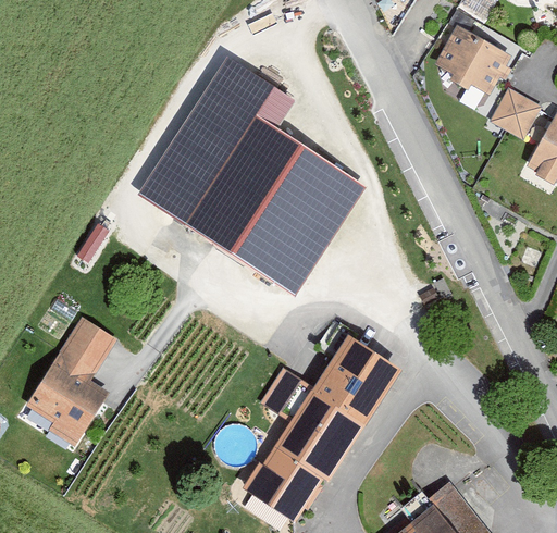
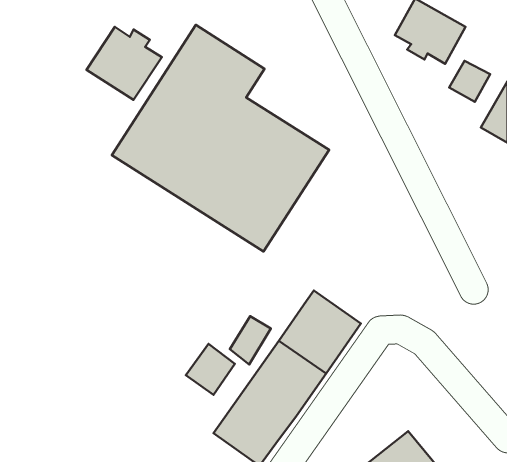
building: none -> [87,27,162,100]
building: [27,319,114,446] -> none
building: none -> [186,344,235,395]

